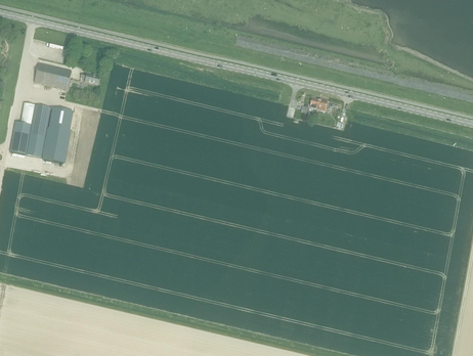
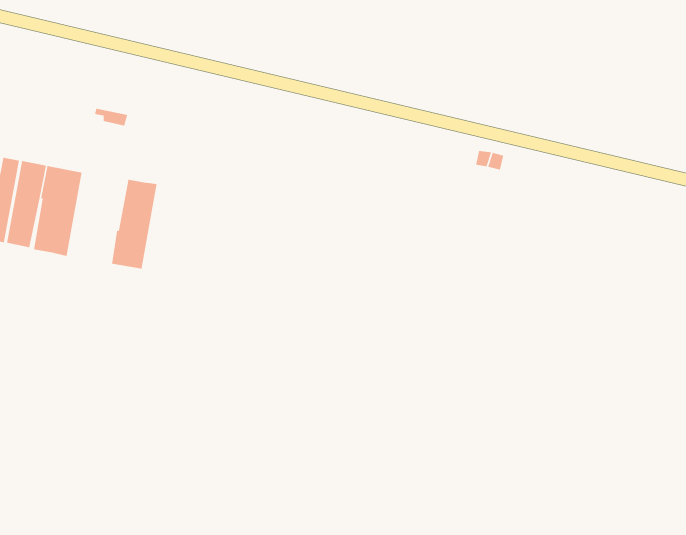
building: [34,61,72,88] -> none
building: none -> [111,179,158,269]

